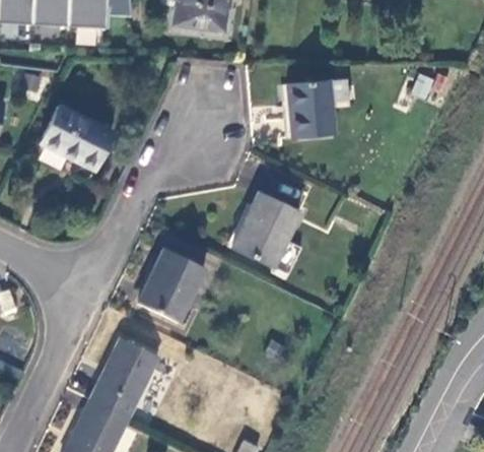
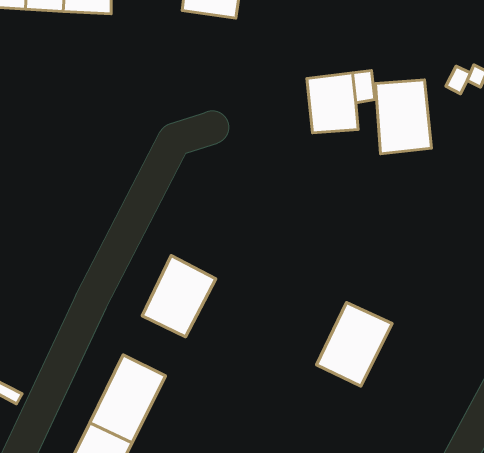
building: none -> [375,80,431,154]
building: [41,106,112,169] -> none
building: [231,192,300,268] -> [316,302,392,386]

